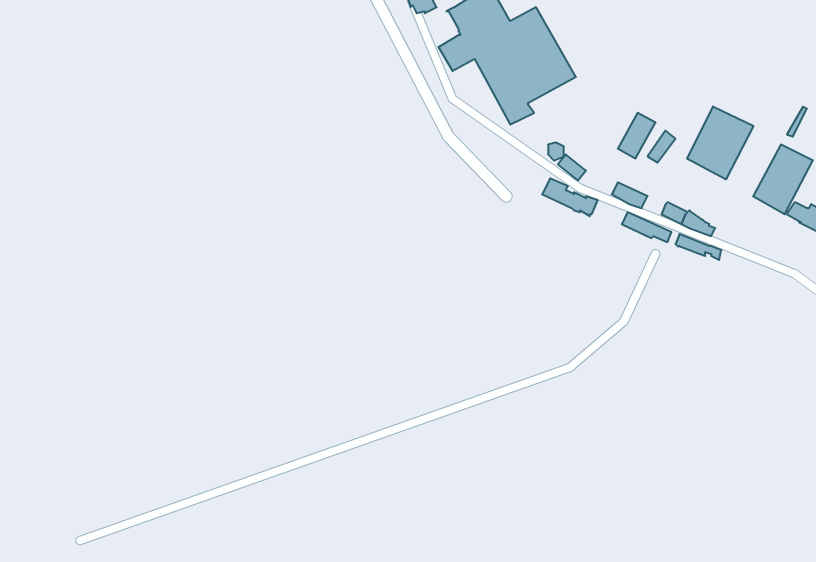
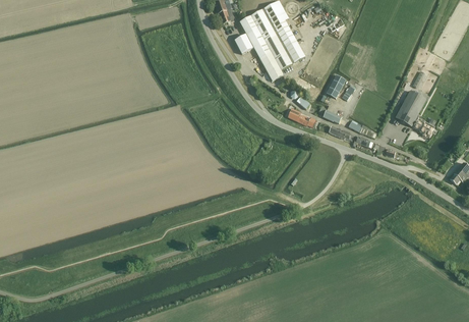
building: [687,106,753,179] -> none

